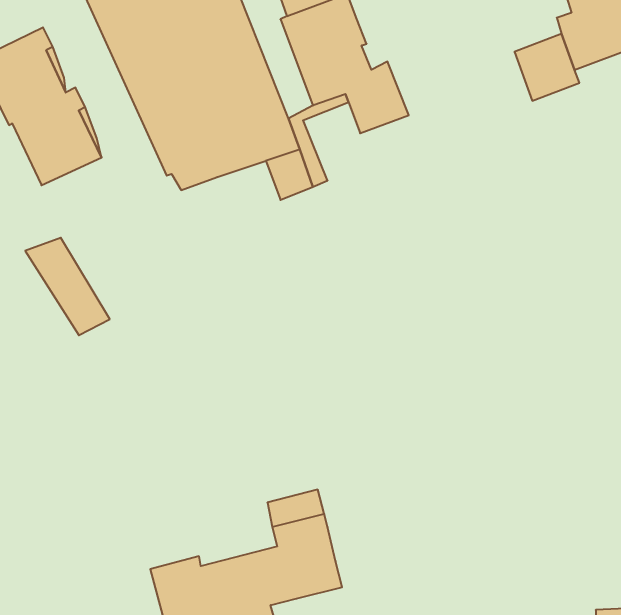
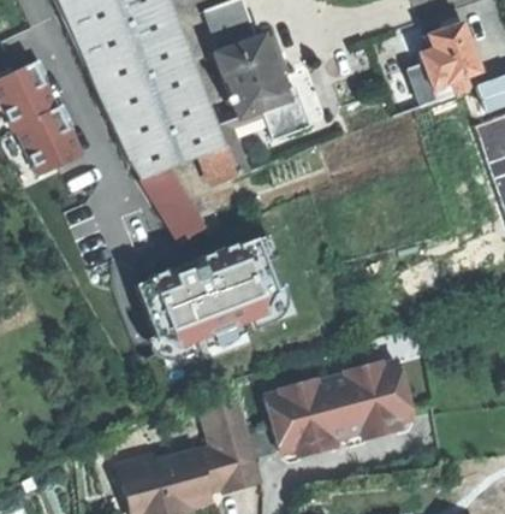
building: [25,238,110,335] -> [143,171,206,243]
building: none -> [136,240,280,349]
building: none -> [251,358,414,455]

